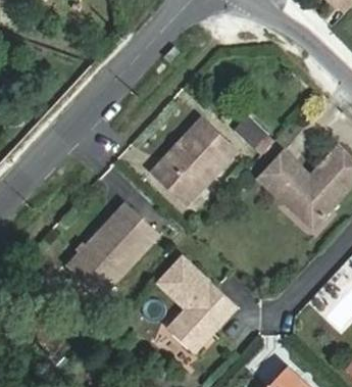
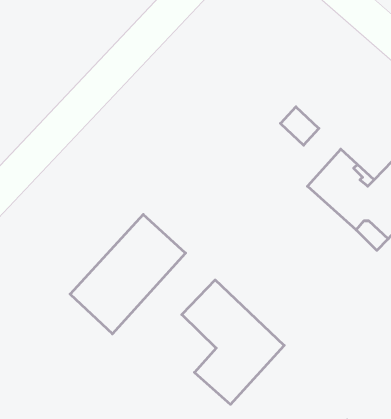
building: [152,119,234,203] -> none

